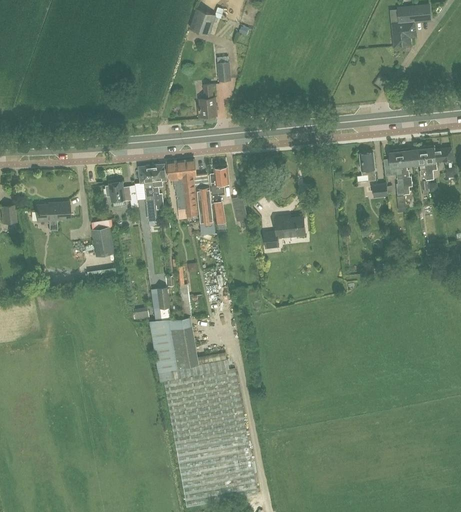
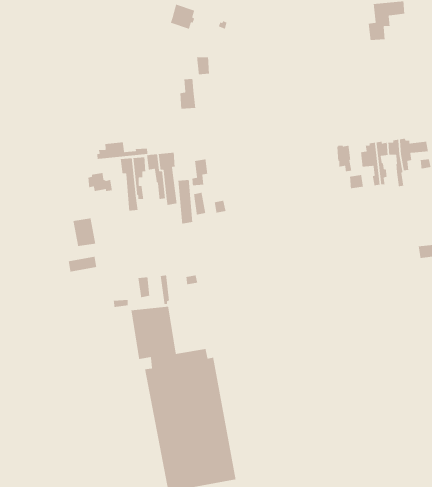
building: none -> [96,142,148,160]
building: [36,202,69,229] -> none
building: [264,216,305,247] -> none

